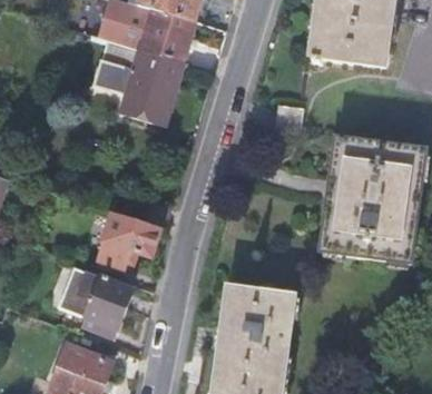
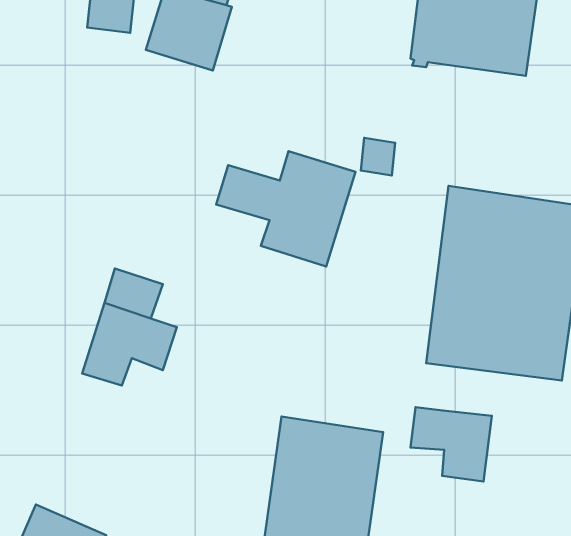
building: [92,50,183,125] -> [216,151,356,267]
building: [60,267,135,339] -> none
building: none -> [411,407,492,482]

